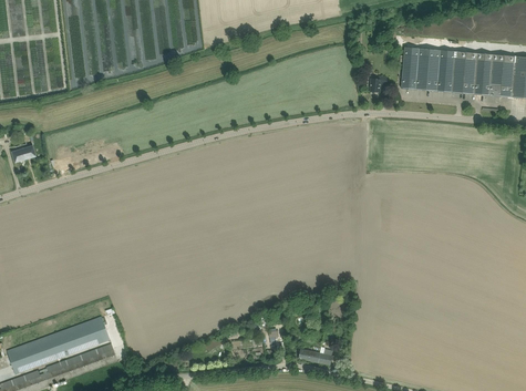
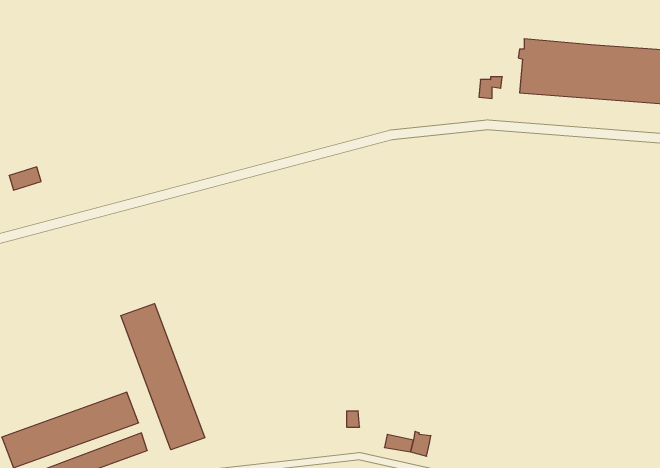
building: none -> [121,304,205,450]

